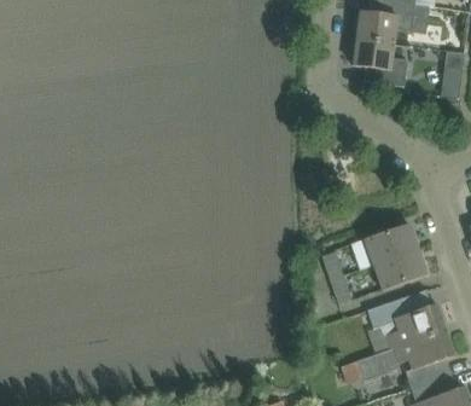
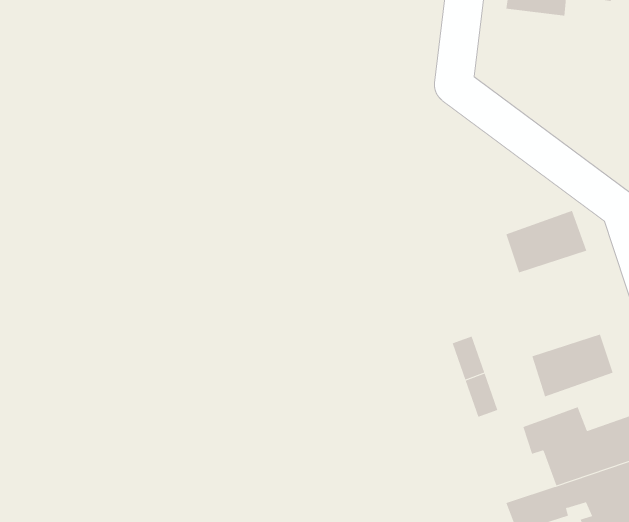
building: [353,39,407,87] -> none
building: [365,224,418,265] -> [506,210,587,273]

